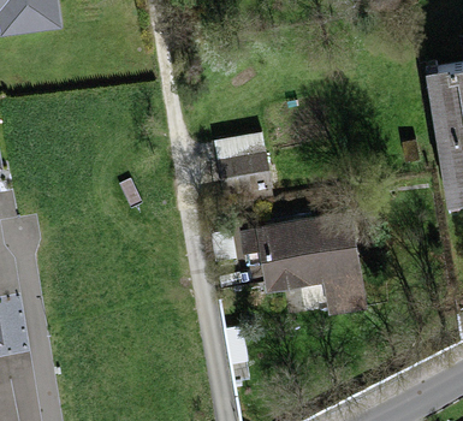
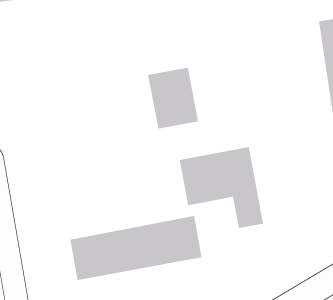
building: none -> [70,215,202,281]

